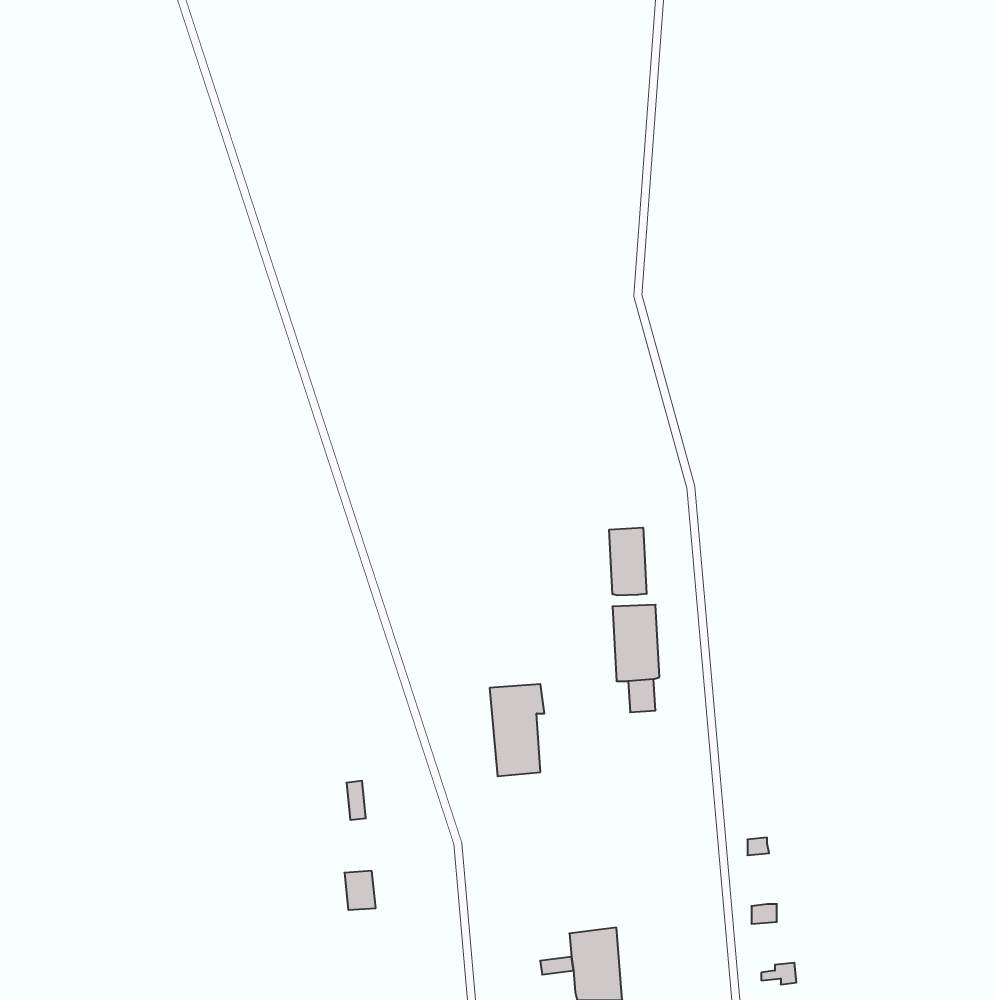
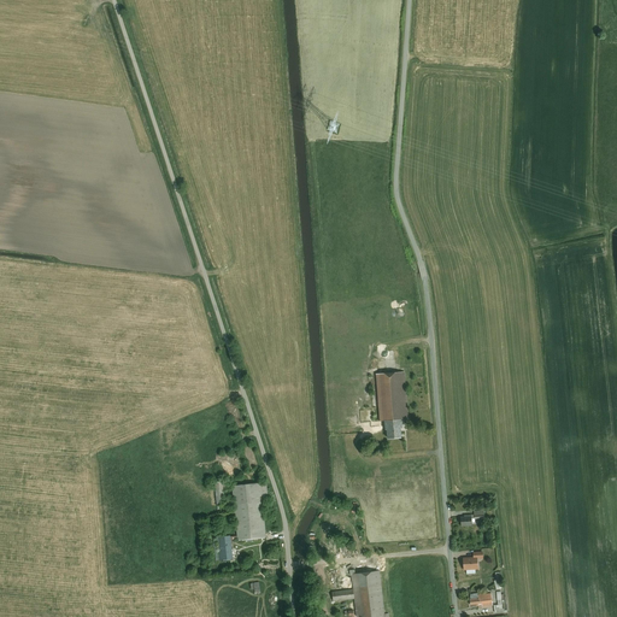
building: [609,528,647,595] -> none
building: [490,684,544,776] -> [234,482,268,539]

